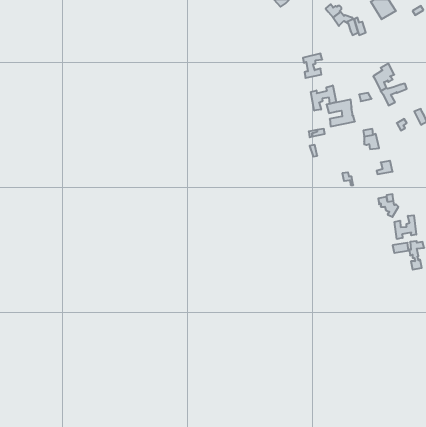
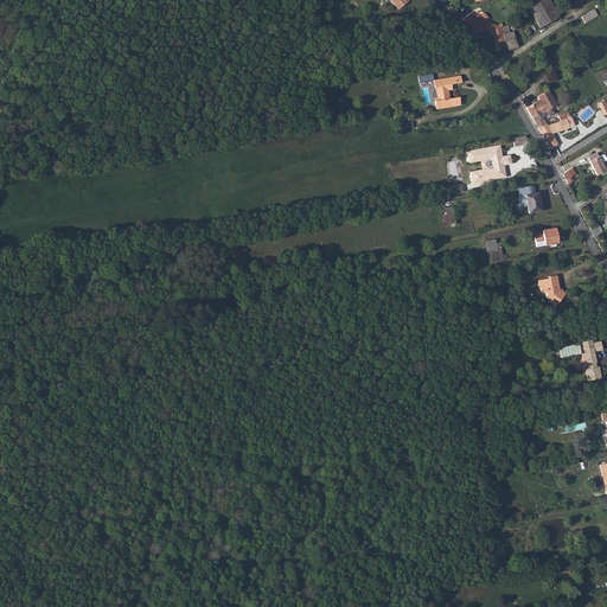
building: [311,85,336,111] -> none
building: [394,215,416,239] -> none

